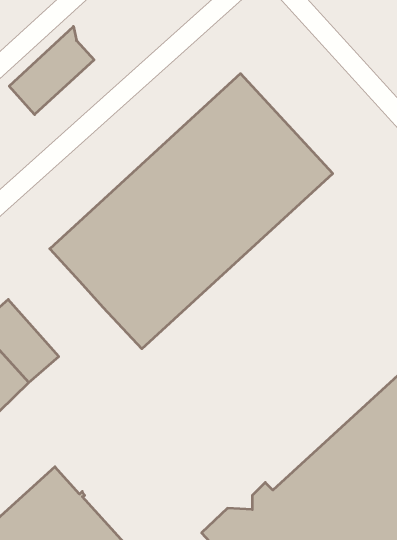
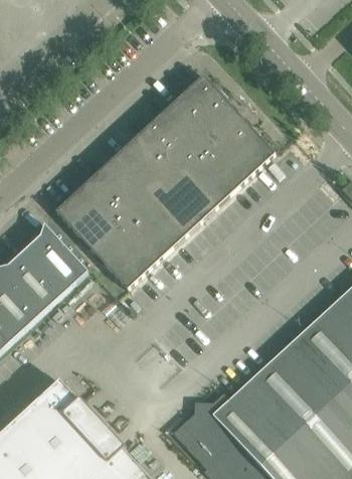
building: [9,26,94,115] -> none
building: none -> [24,223,89,295]

